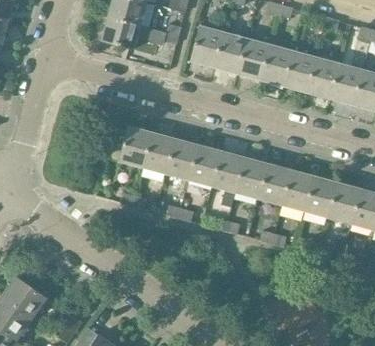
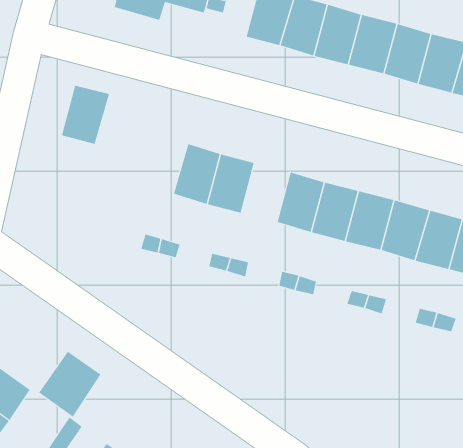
building: [119,125,152,165] -> [61,85,110,144]
building: [188,144,221,184] -> none
building: none -> [38,351,101,417]

